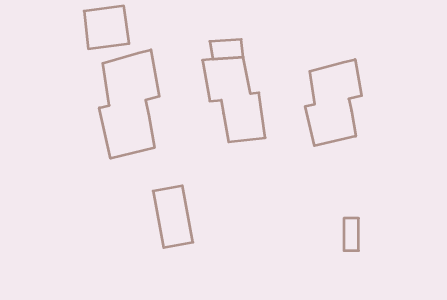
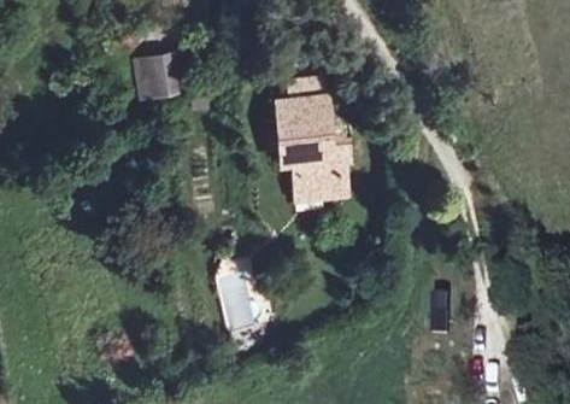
building: [99,50,159,158] -> none
building: [305,59,362,146] -> none

